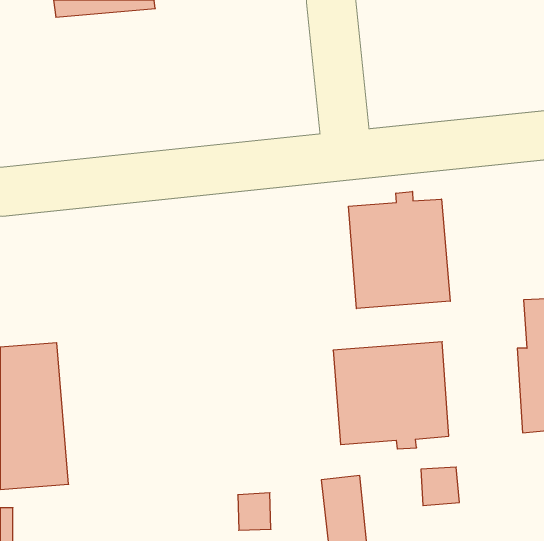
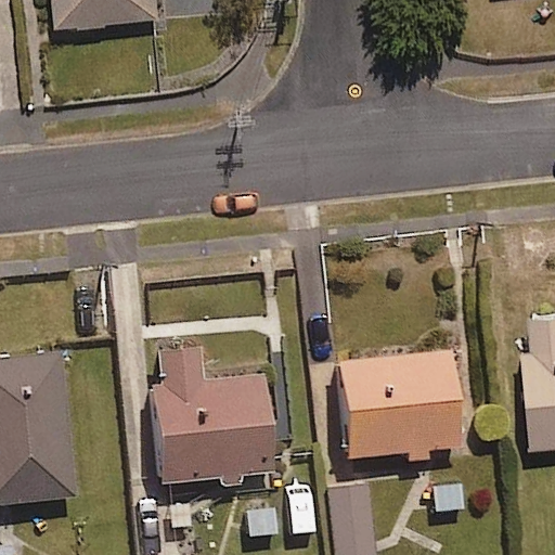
building: [349,191,450,309] -> none
building: none -> [152,343,271,489]

